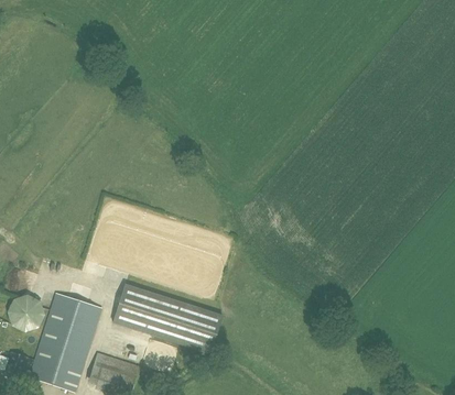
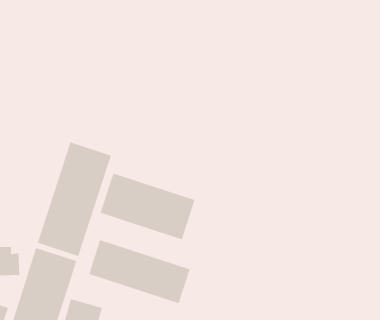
building: none -> [37,142,111,257]
building: none -> [100,173,195,240]

